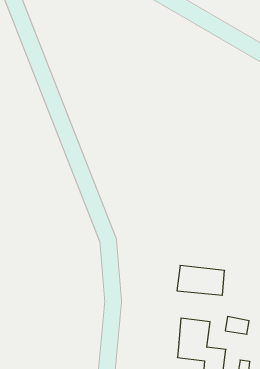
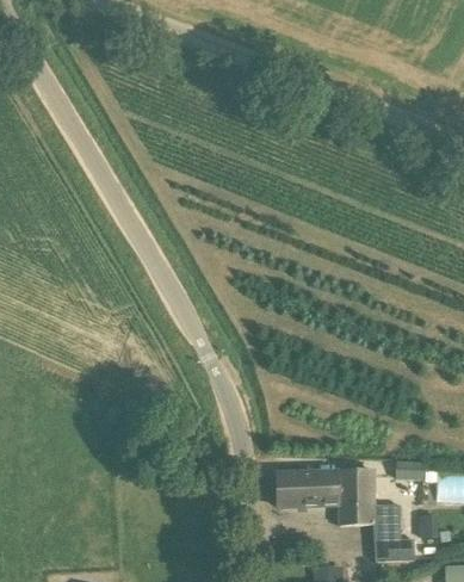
building: [177,265,225,295] -> [277,471,338,507]

